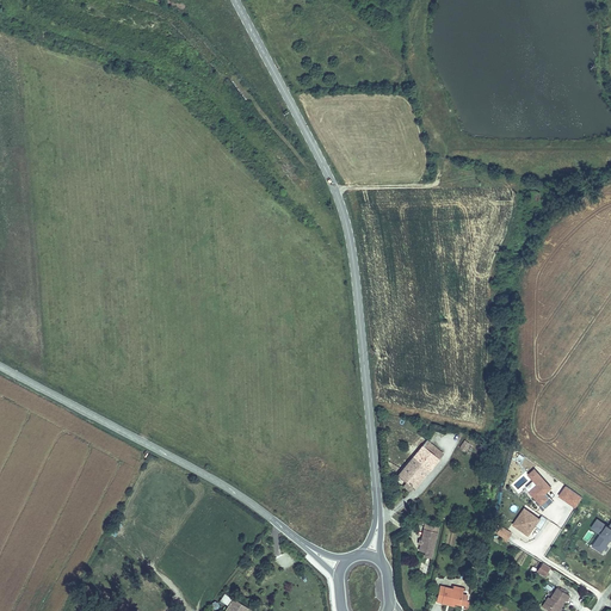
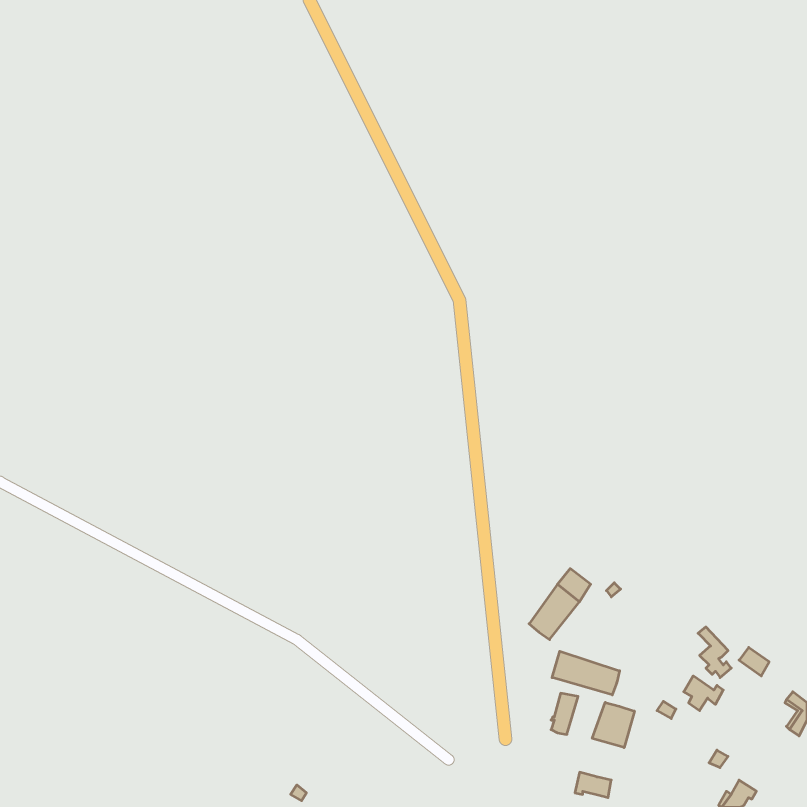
building: none -> [552,651,620,695]
building: none -> [592,702,634,748]

